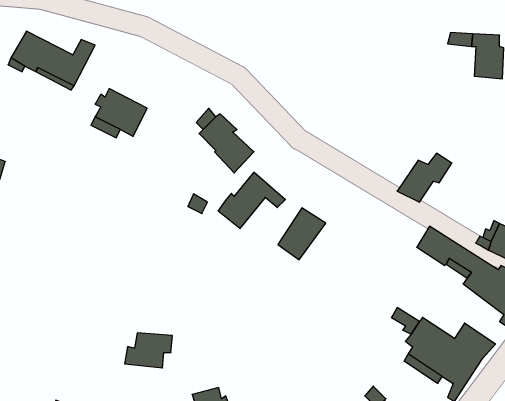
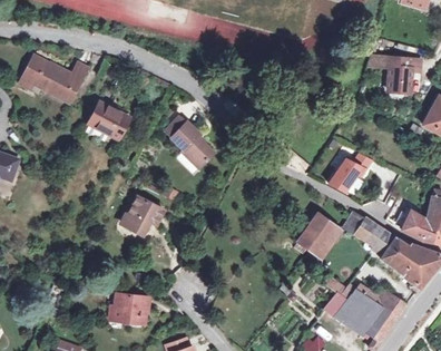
building: [218,172,285,229] -> none
building: [278,208,326,260] -> [298,213,336,254]
building: none -> [122,197,164,235]

